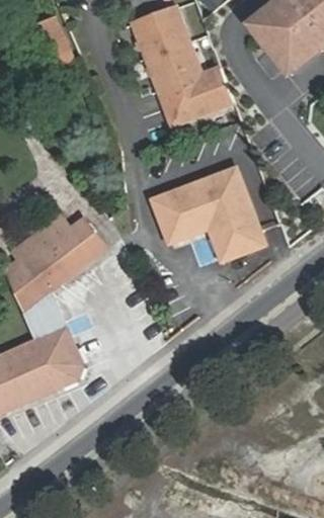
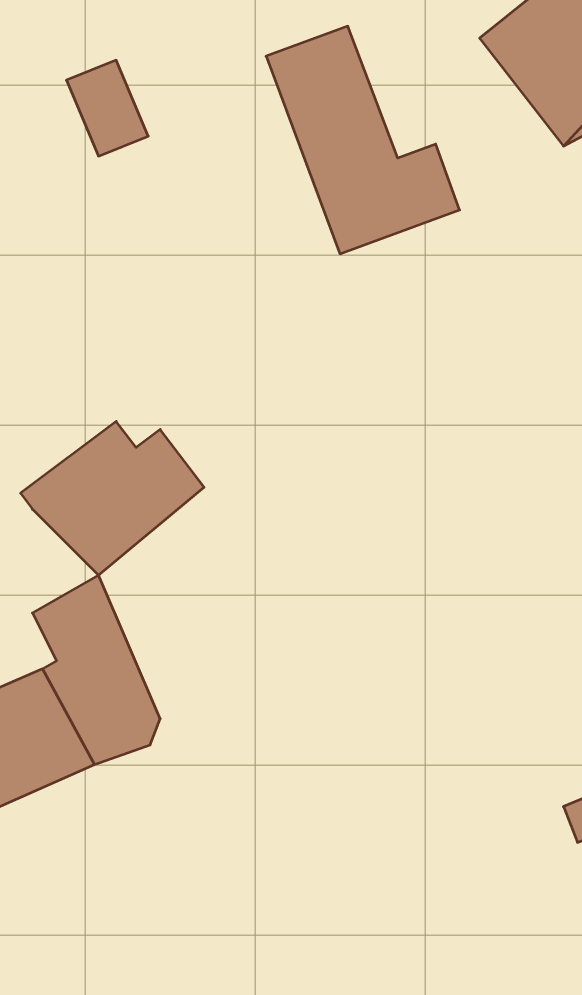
building: [146,162,264,262] -> none
building: [6,259,52,312] -> none

